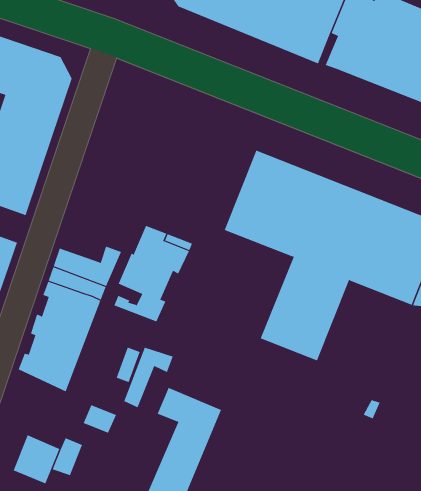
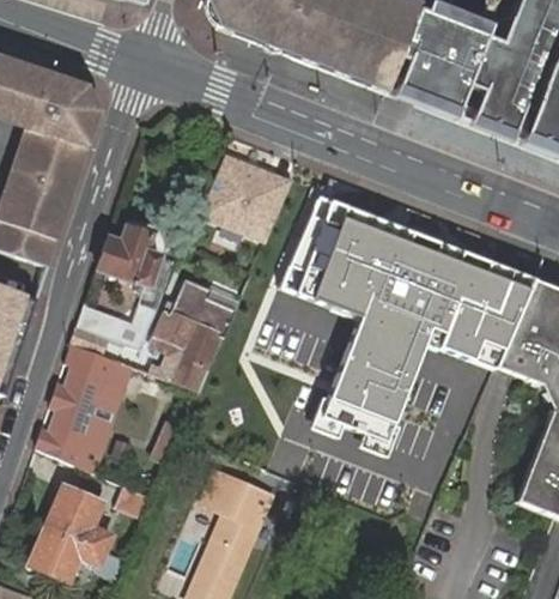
building: none -> [198,151,292,244]
building: none -> [98,226,160,292]
building: [124,347,174,408] -> none
building: none -> [49,486,102,538]

